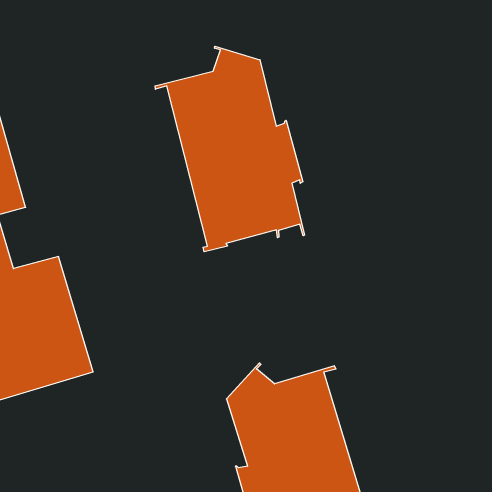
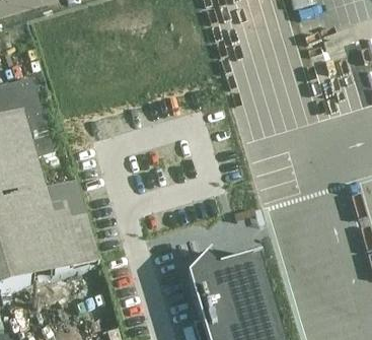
building: [155,46,304,252] -> none

